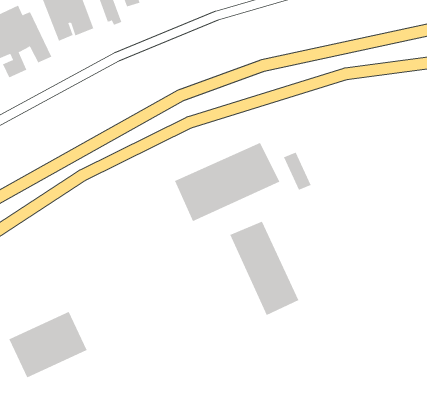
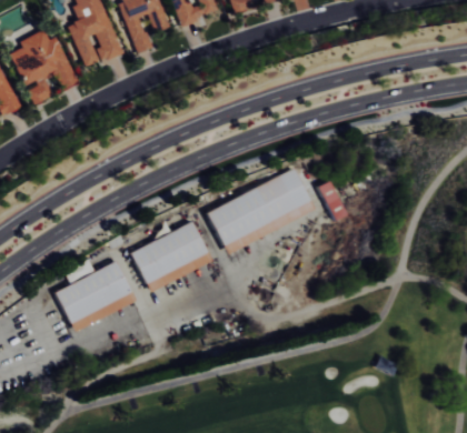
building: none -> [130,223,211,290]
building: [230,221,299,316] -> none
building: [9,311,87,378] -> [54,262,136,331]

